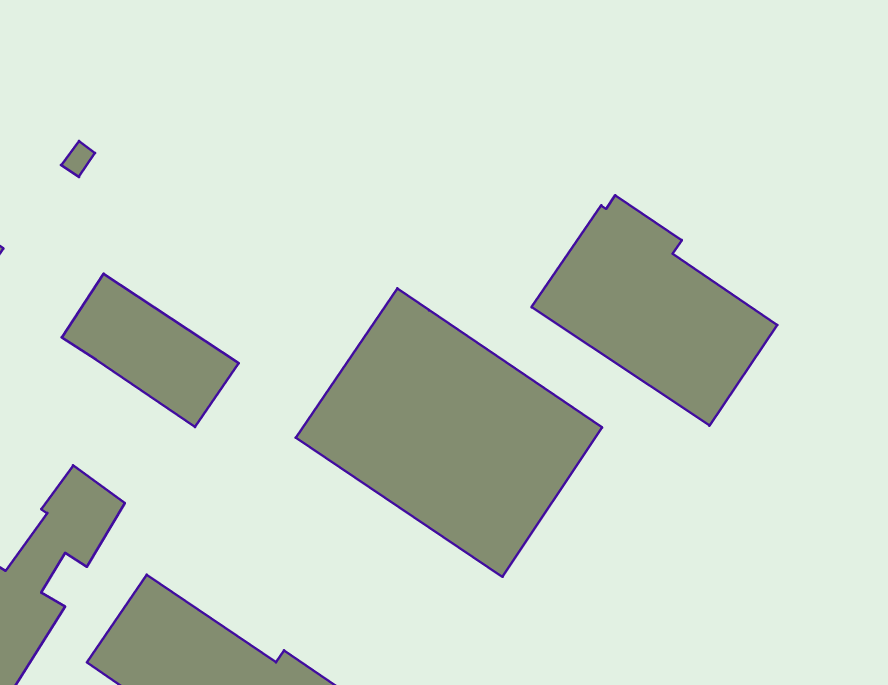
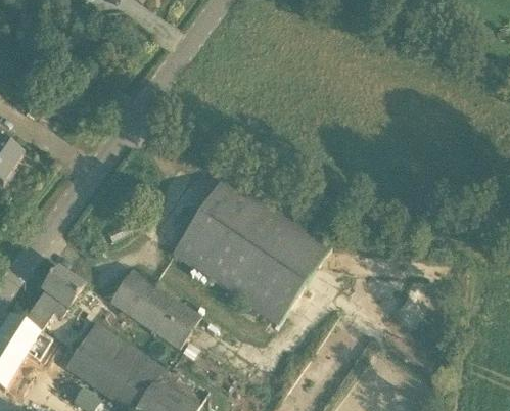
building: [532,195,777,426] -> none
building: [62,274,239,427] -> [107,268,198,347]

